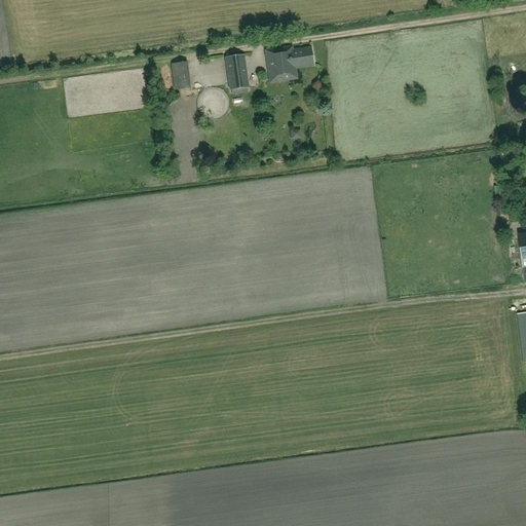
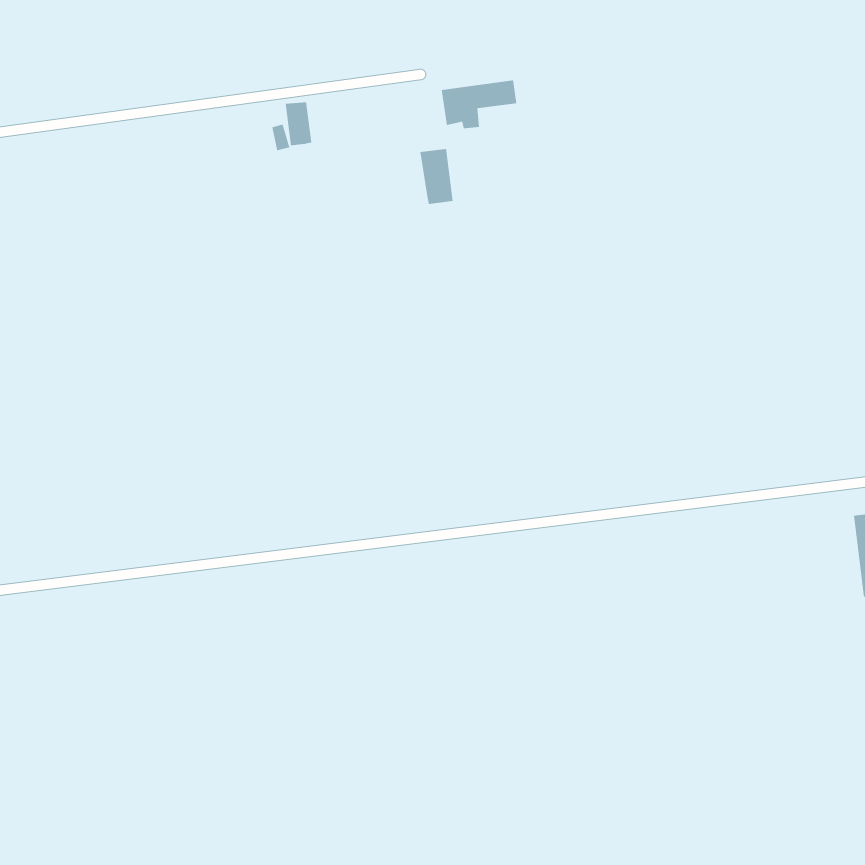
building: [227,54,248,88] -> [420,149,454,205]

